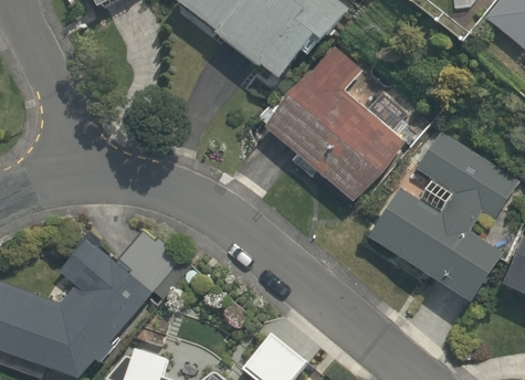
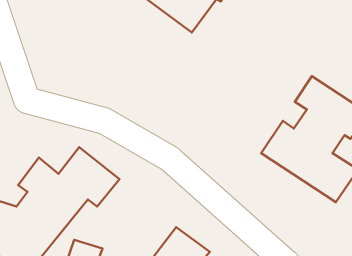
building: [263,43,402,202] -> none

